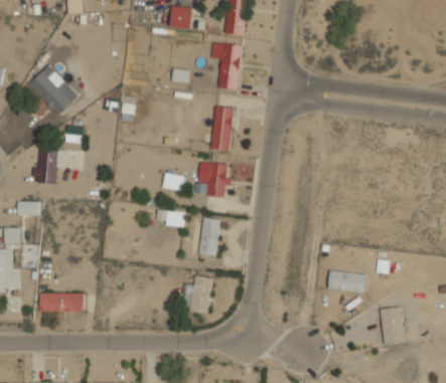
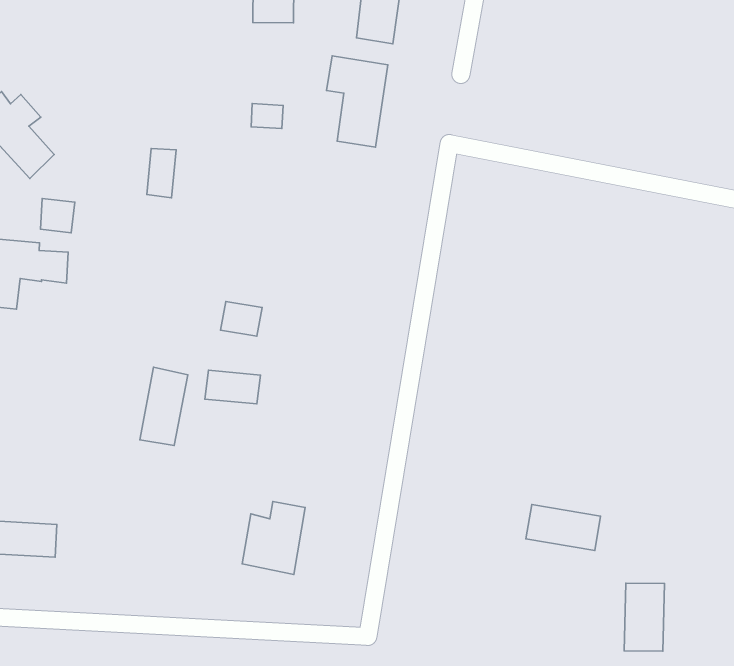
building: [211,107,233,151] -> none
building: [194,163,230,198] -> none
building: [197,216,220,256] -> [140,367,188,446]

